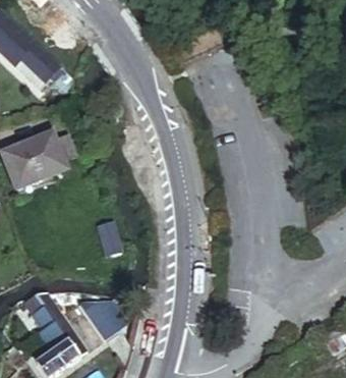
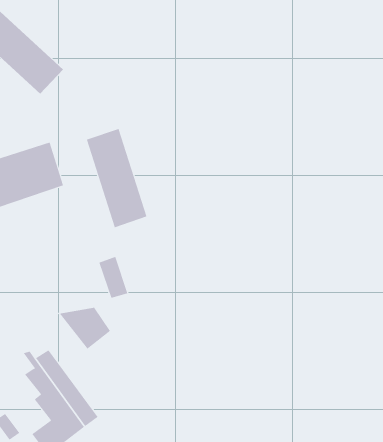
building: none -> [86,128,147,228]
building: [80,303,123,337] -> [59,307,111,350]

